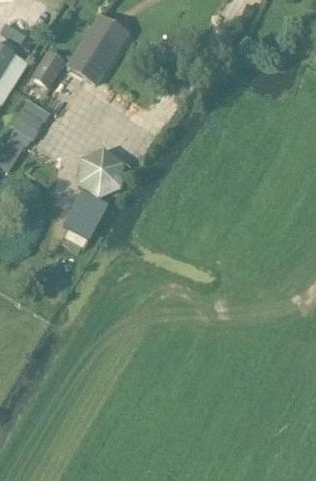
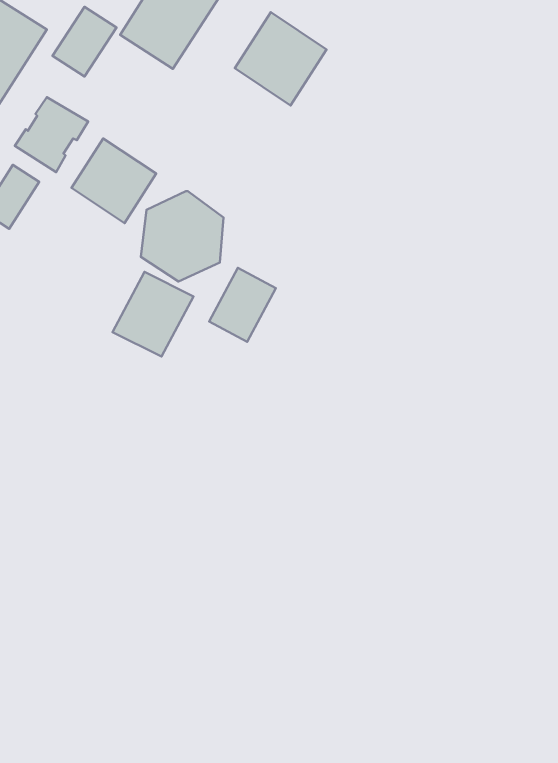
building: none -> [235,12,327,106]
building: none -> [72,138,156,223]
building: none -> [209,268,276,342]

